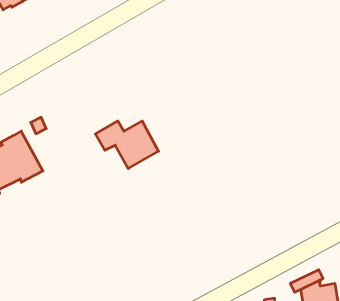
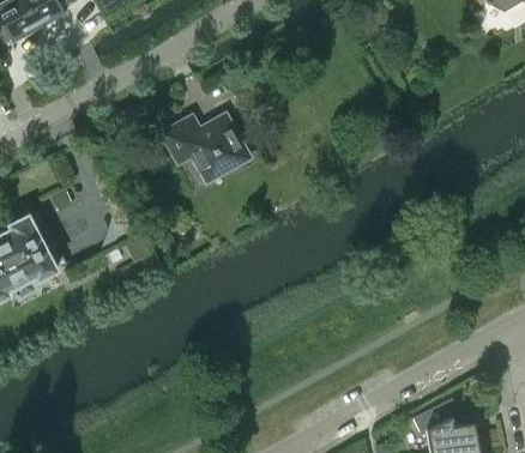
building: [95,121,159,169] -> [161,115,248,181]

